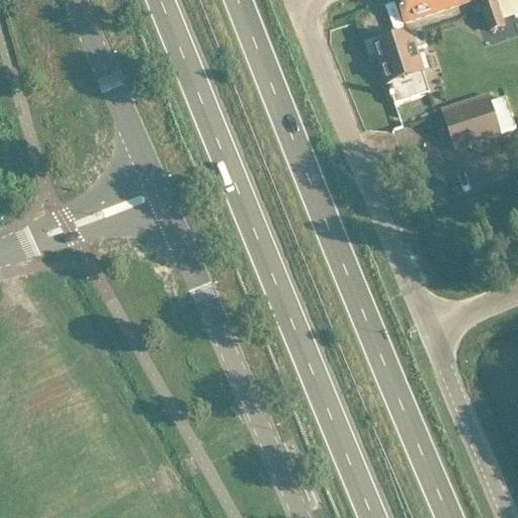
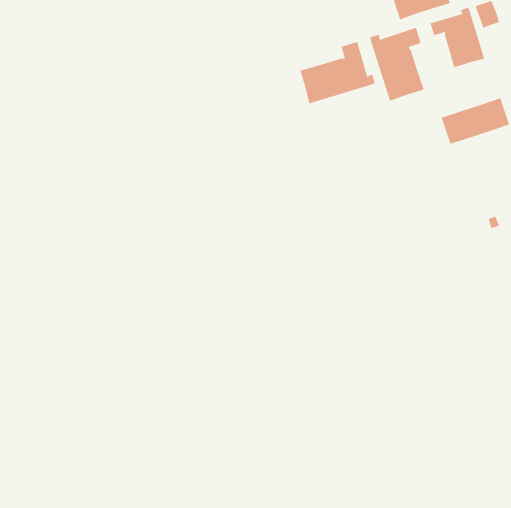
building: none -> [430,7,485,68]
building: none -> [300,41,375,104]

